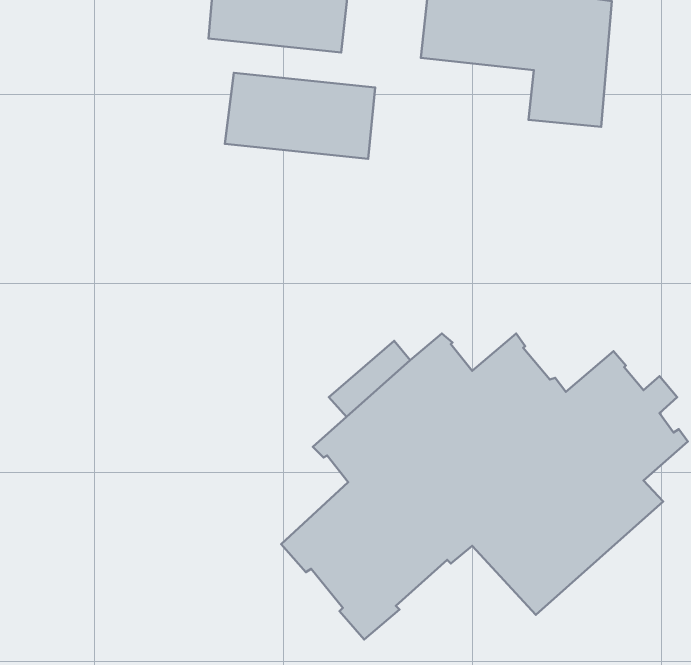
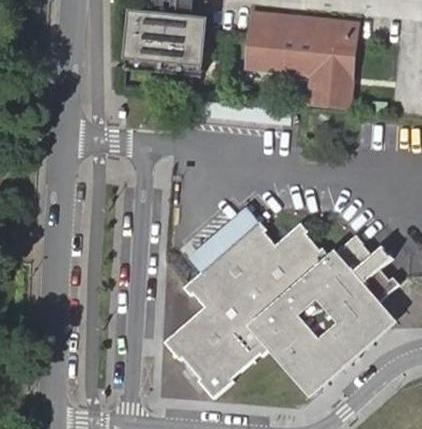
building: [225,73,375,159] -> none

